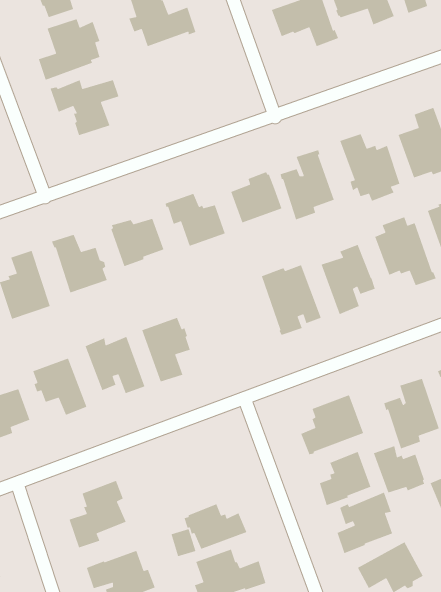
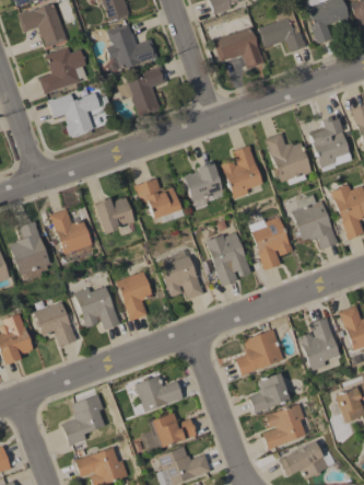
building: none -> [117,66,166,116]
building: none -> [157,250,203,299]
building: [373,445,425,493] -> none
building: none -> [133,376,183,412]

